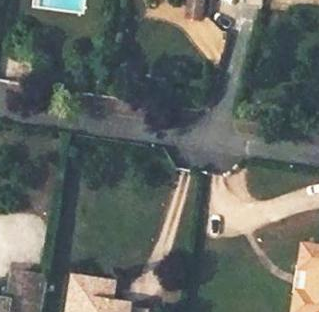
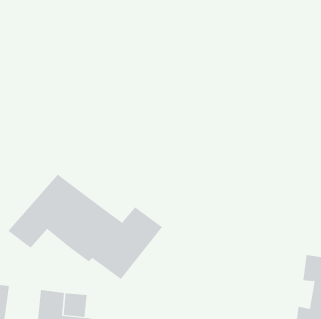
building: none -> [8,174,163,280]

